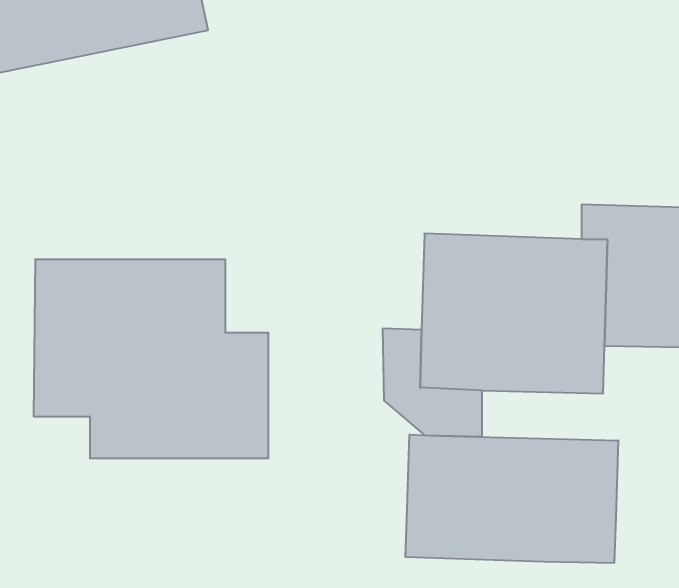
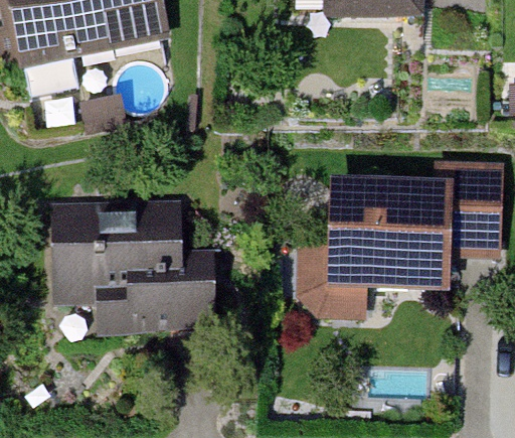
building: [406,434,618,563] -> none

